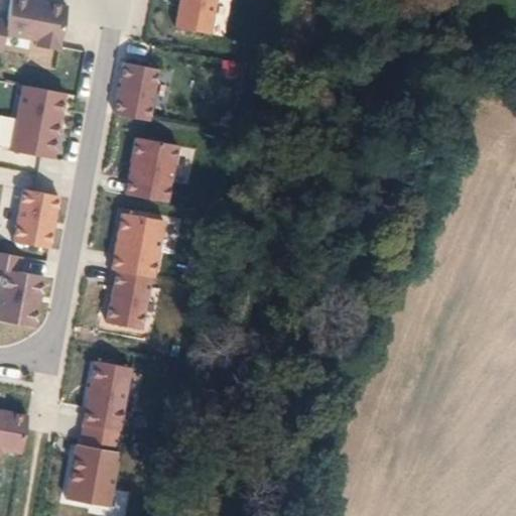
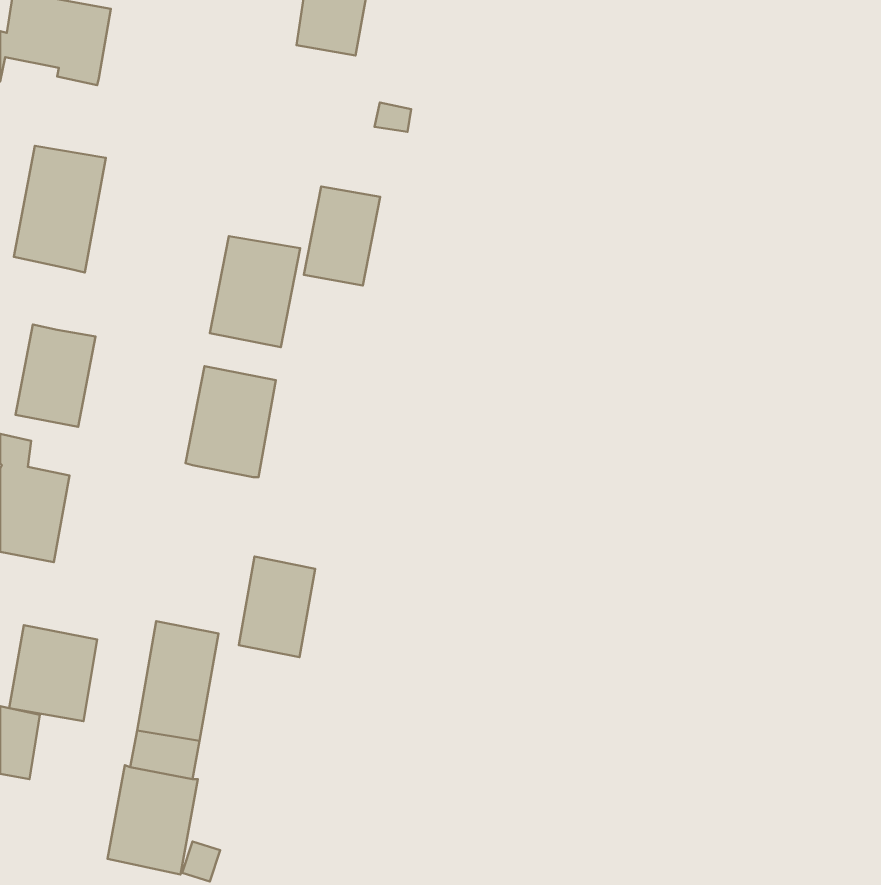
building: [114,62,158,120] -> [304,186,380,285]
building: [106,270,150,329] -> [239,557,315,657]
building: none -> [9,625,97,721]

